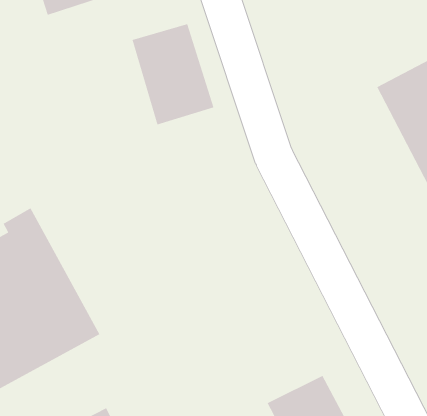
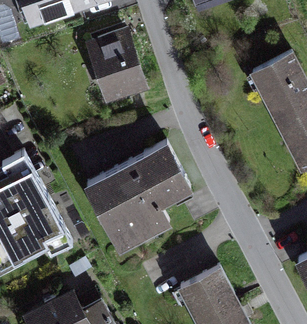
building: none -> [88,144,190,247]

